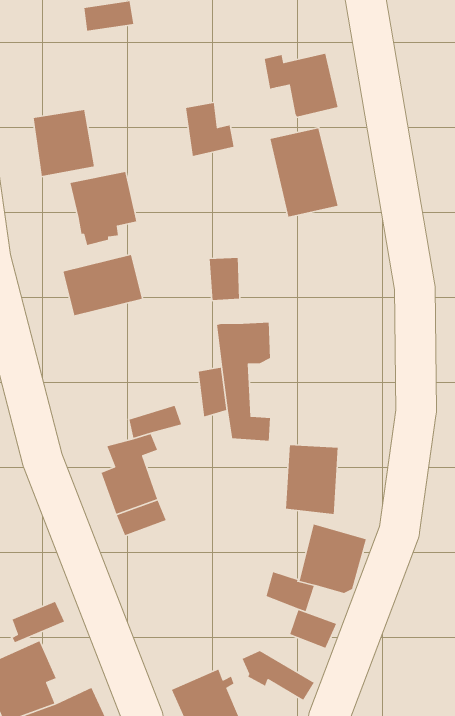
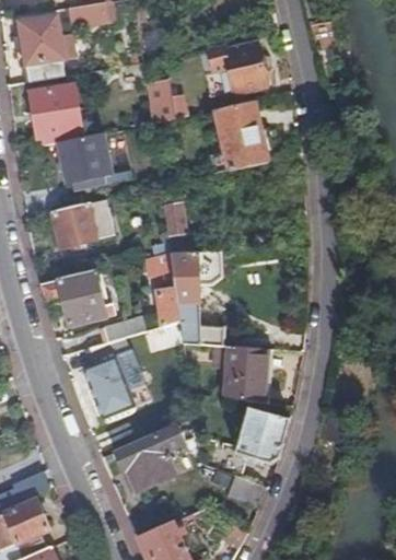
building: none -> [19,15,65,81]
building: none -> [40,270,114,324]
building: none -> [115,423,182,491]

